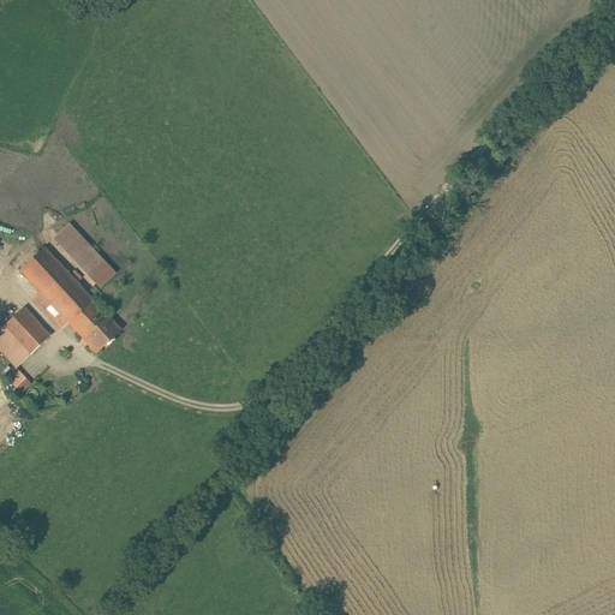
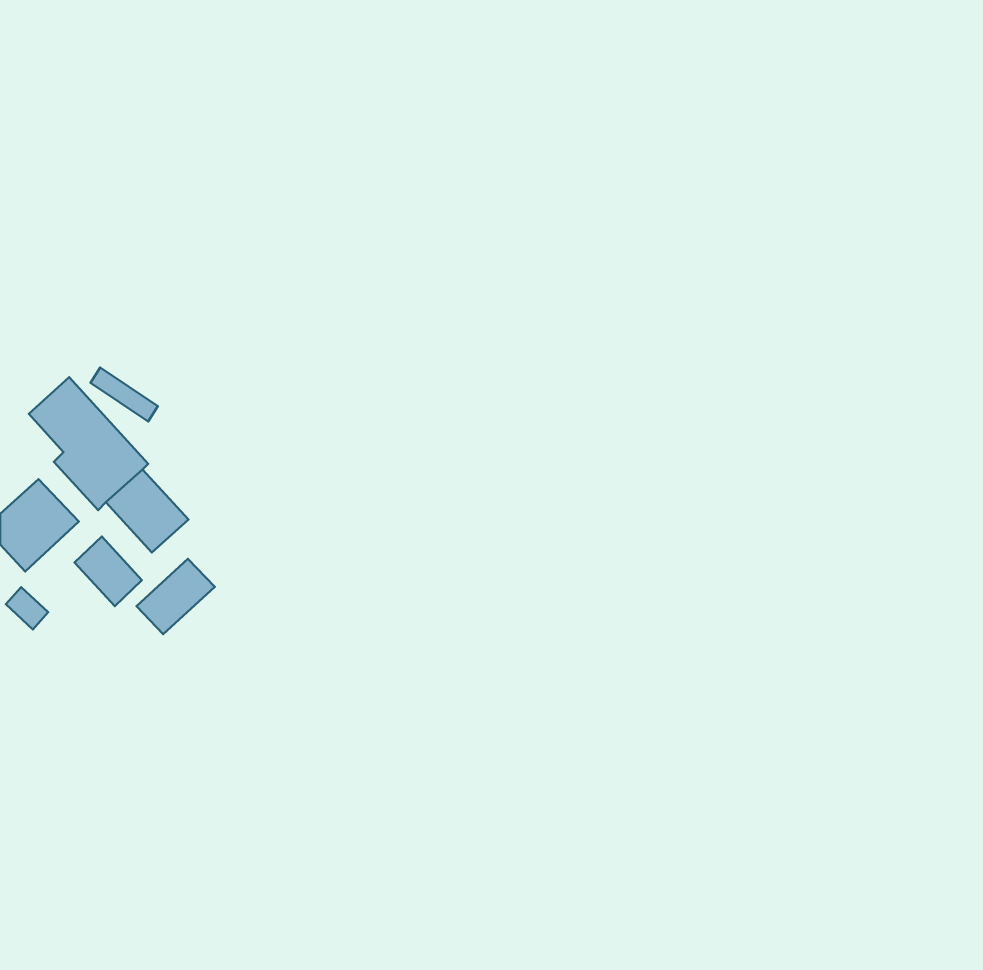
building: none -> [75,536,142,606]
building: none -> [136,559,215,634]

